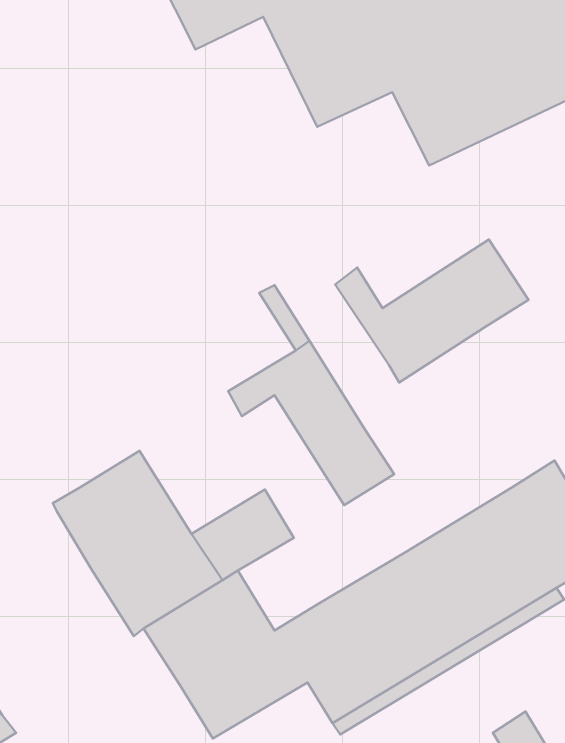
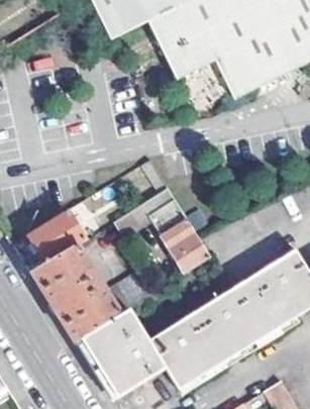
building: [335,239,529,383] -> none
building: none -> [30,209,88,265]

